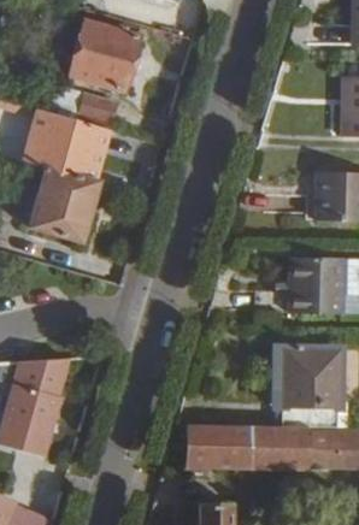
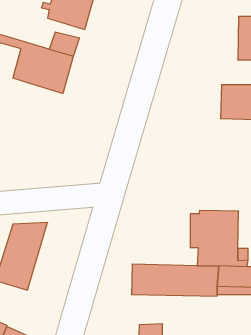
building: [29,167,99,244] -> none
building: [287,256,342,311] -> none

